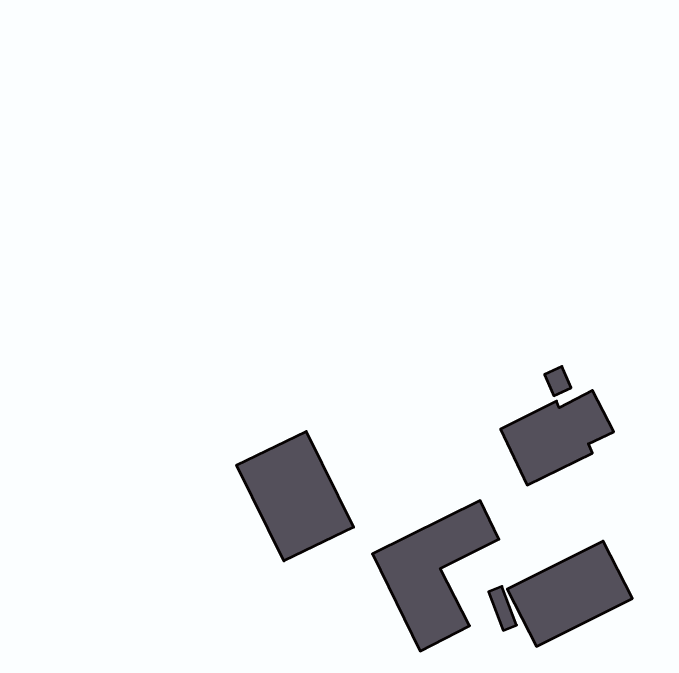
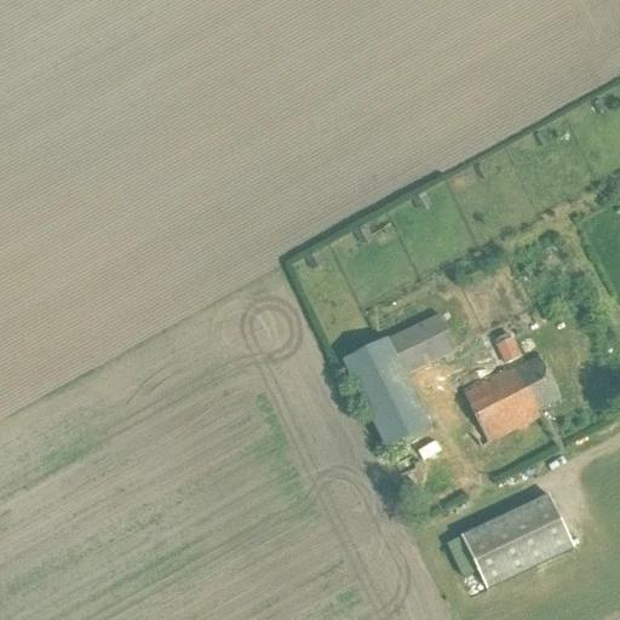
building: [237,431,354,561] -> none
building: [372,501,499,651] -> [343,310,458,447]

